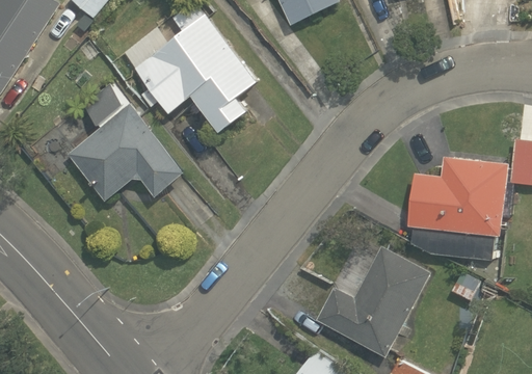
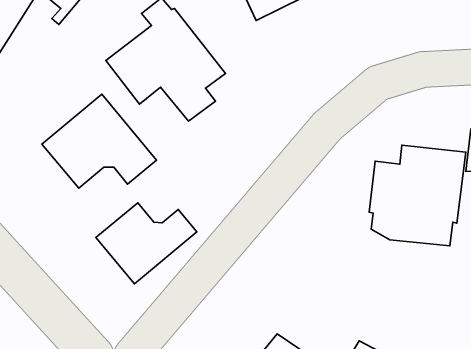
building: none -> [96,203,197,284]
building: [316,245,430,356] -> none

